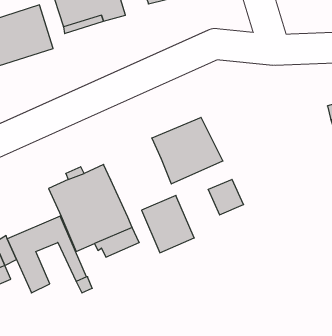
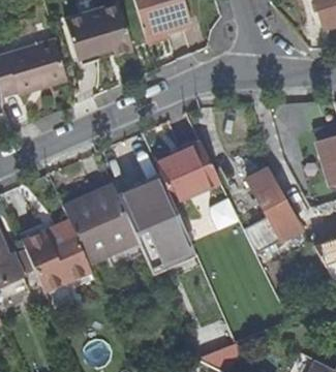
building: none -> [244,169,301,252]
building: none -> [119,178,178,230]

